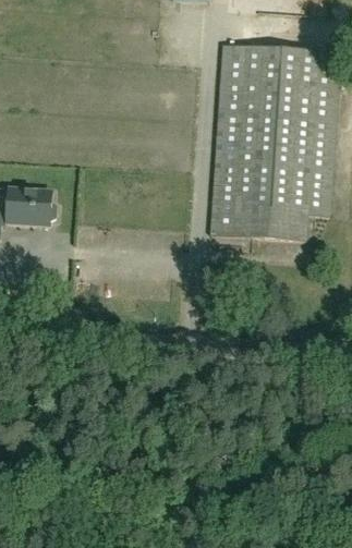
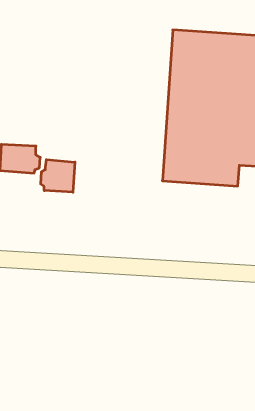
building: none -> [41,160,75,192]

